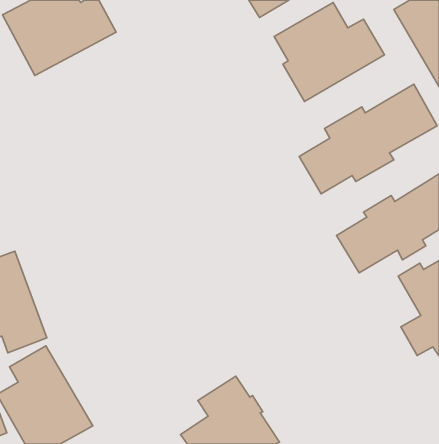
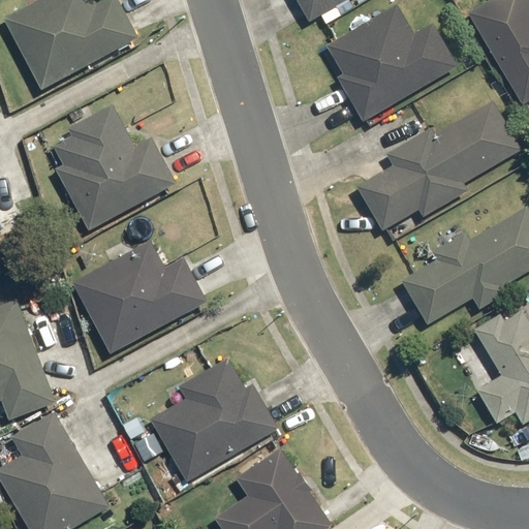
building: none -> [54,103,176,230]
building: none -> [72,240,209,353]
building: none -> [150,357,279,481]

